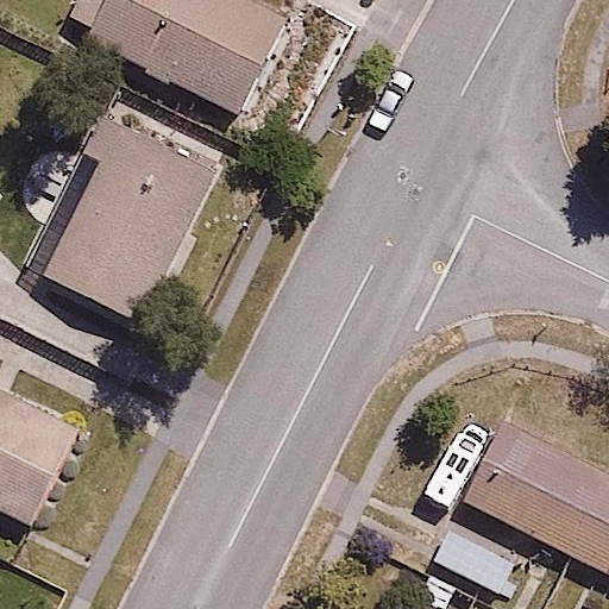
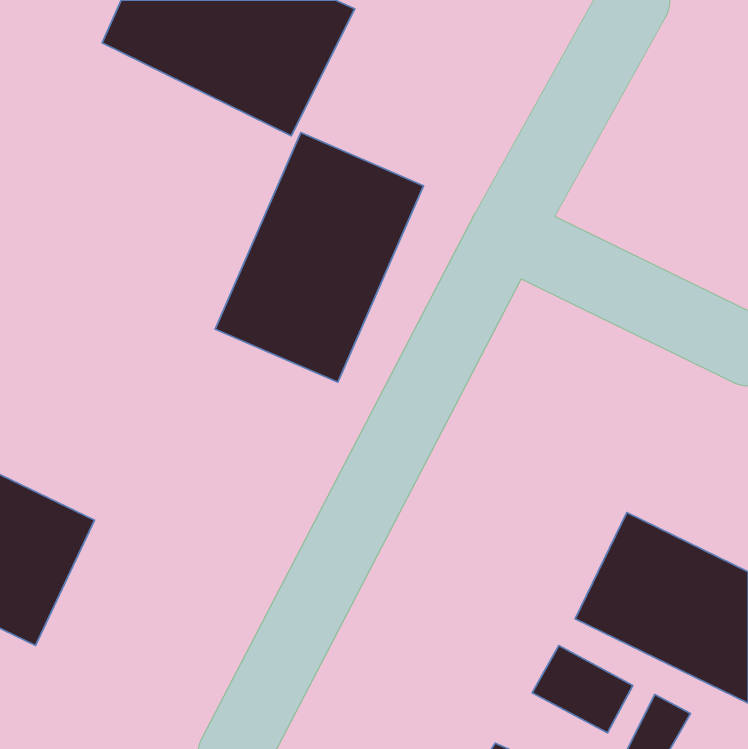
building: [44,117,212,318] -> [215,133,424,382]

